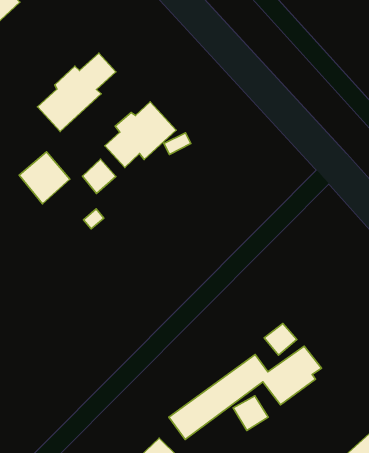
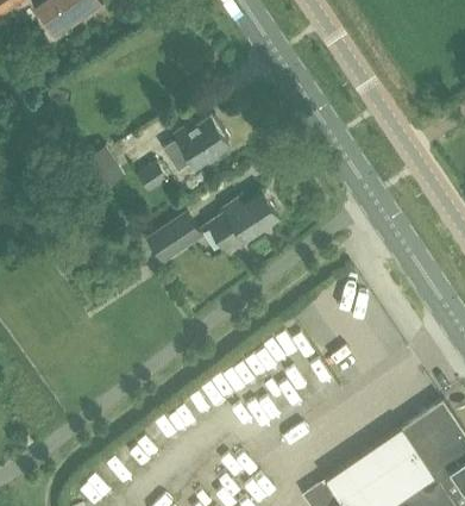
building: [38,53,116,131] -> none
building: none -> [207,186,279,254]
building: none -> [145,213,202,266]

